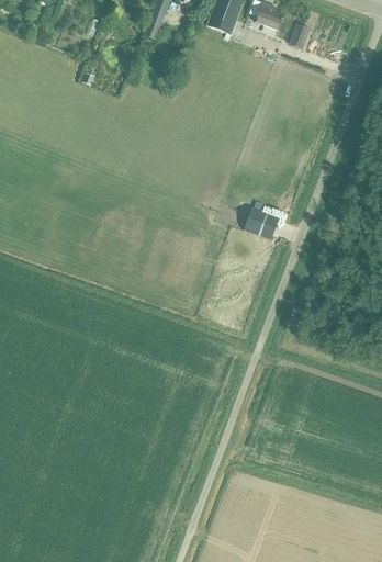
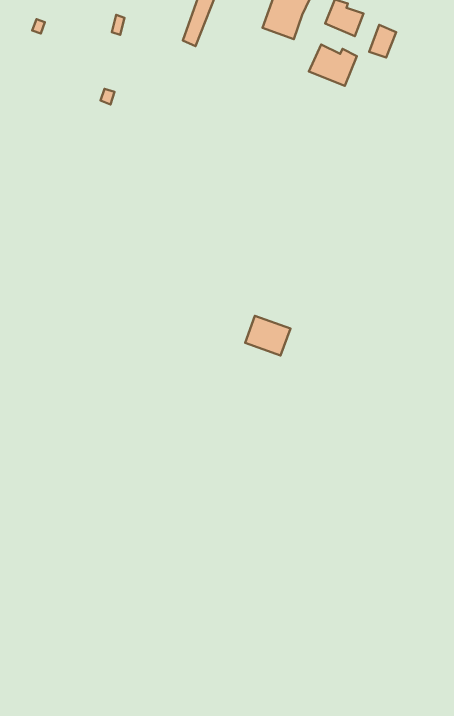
building: none -> [309,44,357,86]
building: [243,206,278,237] -> [245,316,291,356]

